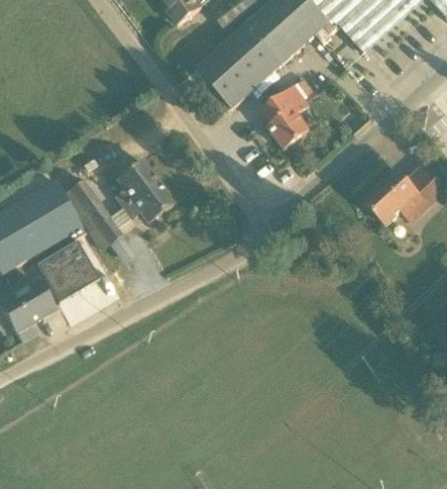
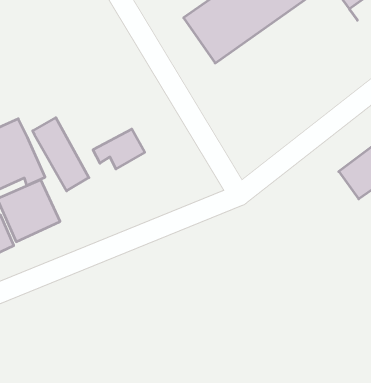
building: [261,85,311,150] -> none
building: [115,161,158,206] -> none

